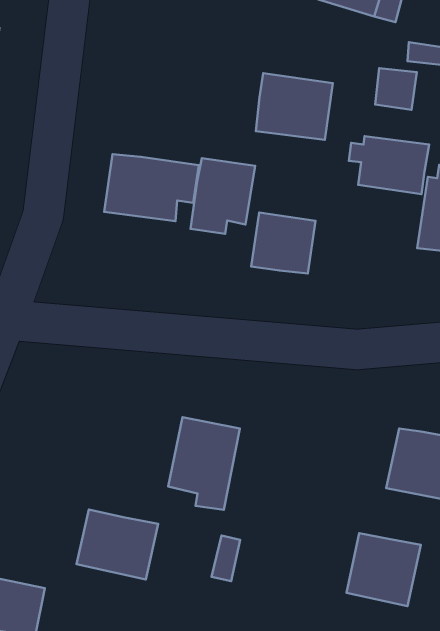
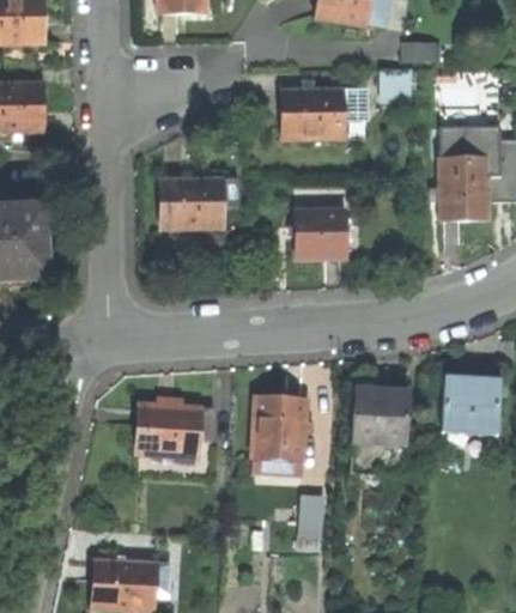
building: [349,136,429,194] -> none
building: [190,158,255,234] -> none
building: [77,509,158,580] -> [135,405,201,459]
building: [346,533,421,606] -> [351,390,409,448]

